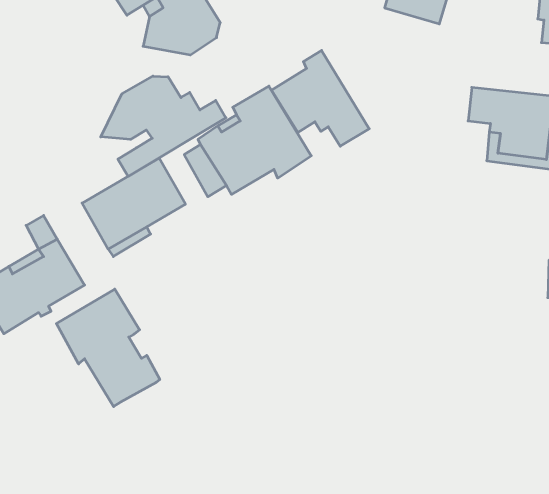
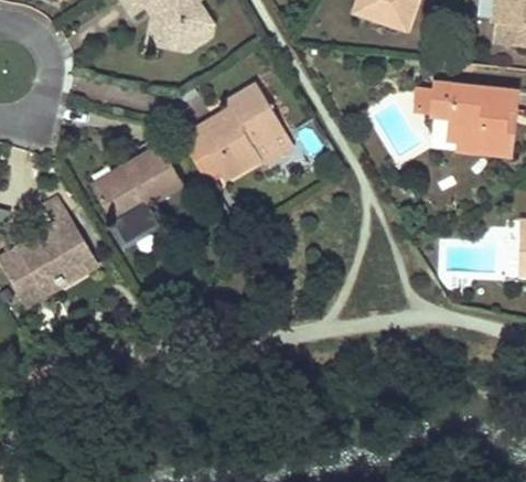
building: [271,50,369,146] -> none
building: [101,76,226,176] -> none
building: [56,289,160,407] -> none

